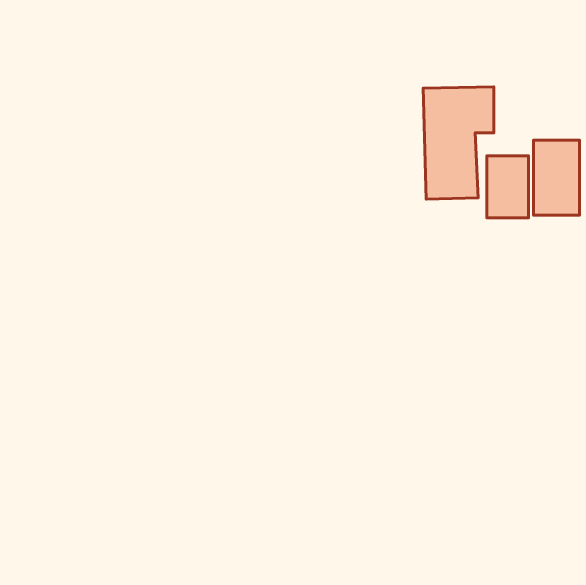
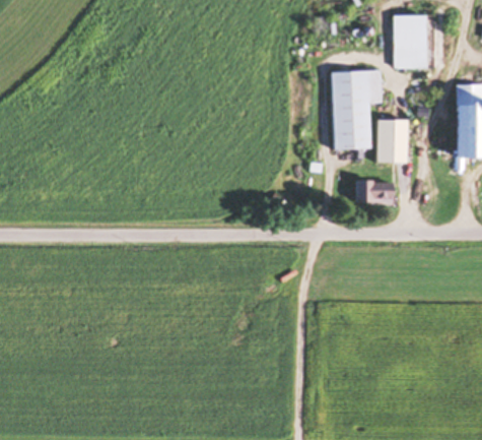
building: [534,140,580,215] -> [395,15,427,68]
building: none -> [358,181,395,203]

